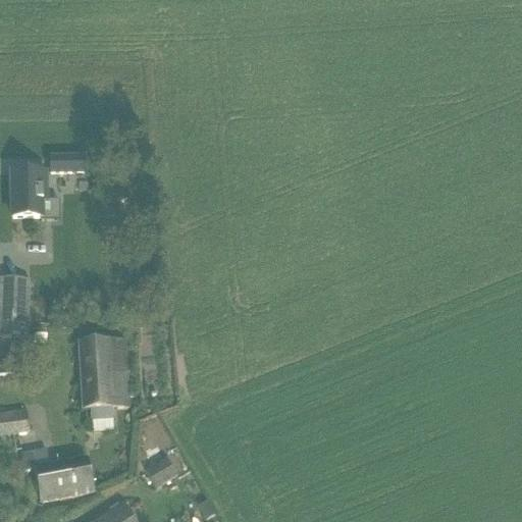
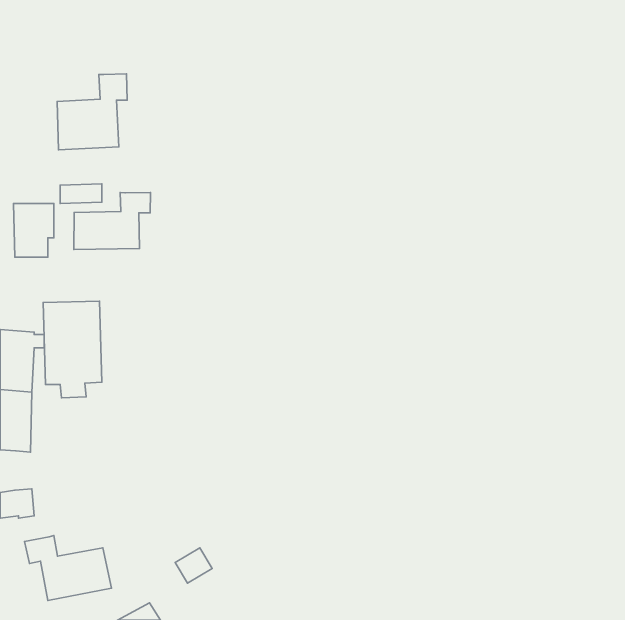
building: none -> [57,74,127,150]
building: none -> [74,193,150,250]
building: [79,337,127,418] -> [43,301,102,398]

